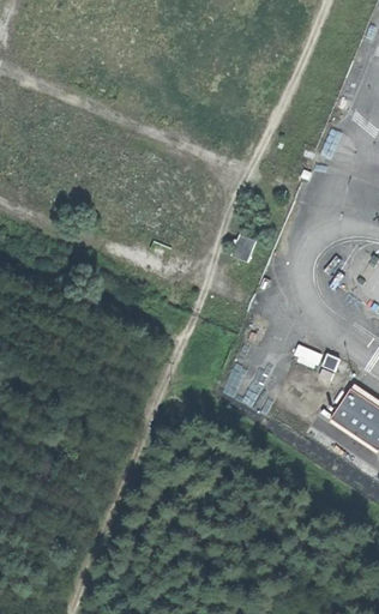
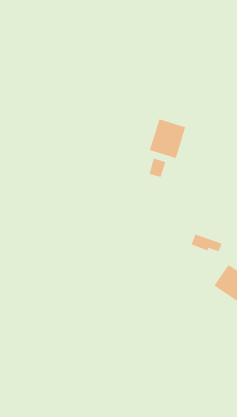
building: none -> [149,119,186,159]

